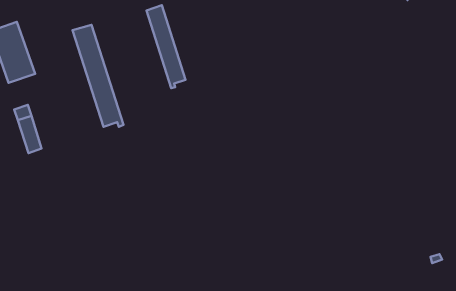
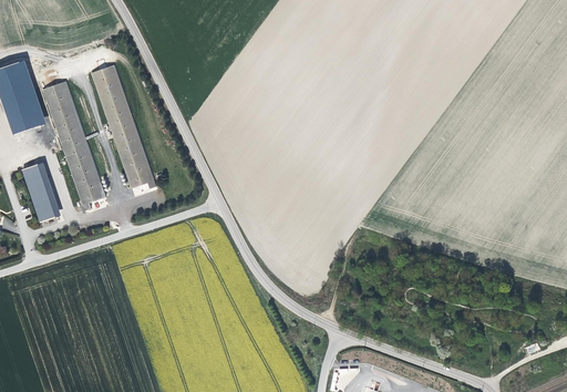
building: [146,5,186,88] -> none
building: none -> [43,80,104,209]

